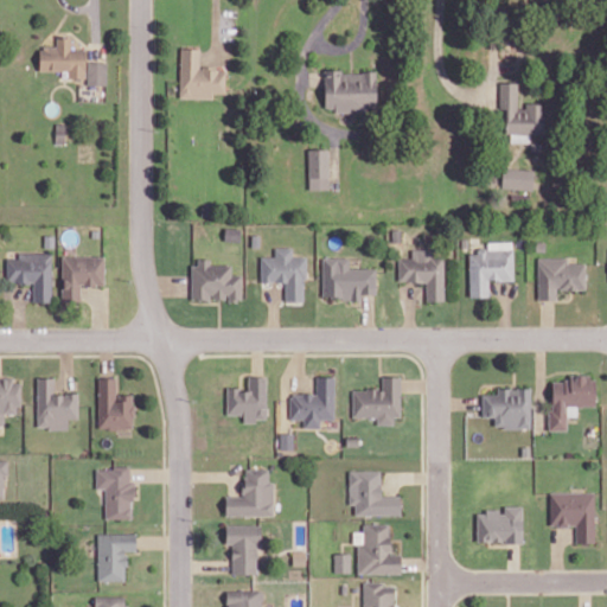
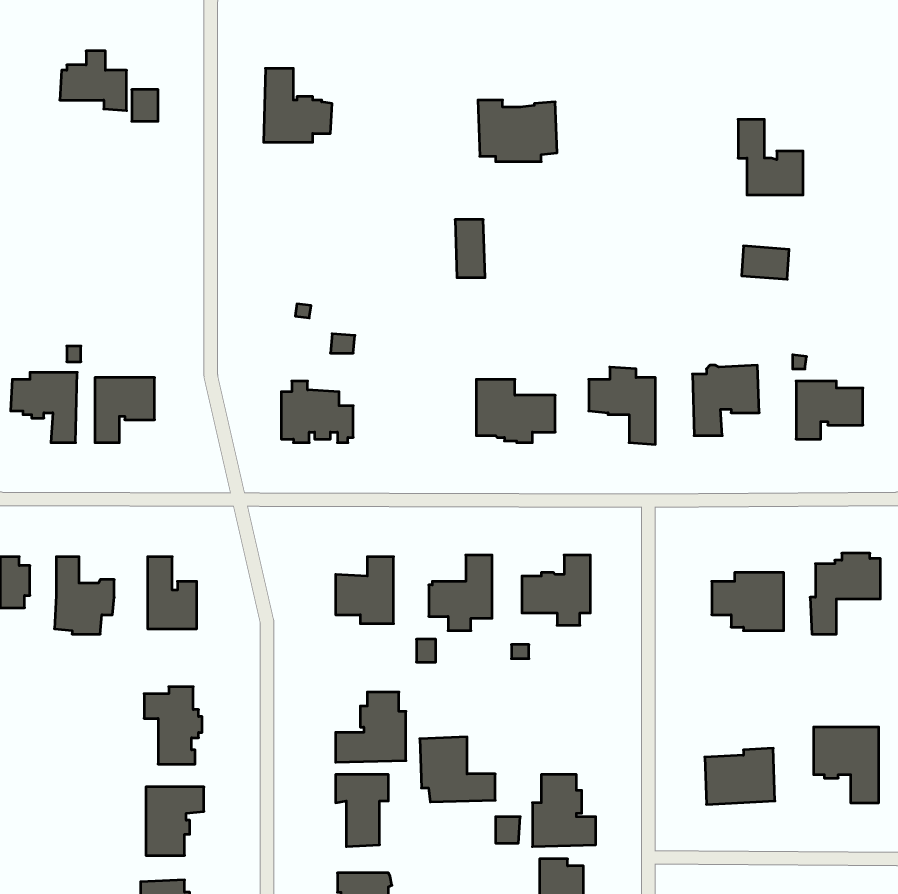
building: [260,248,304,301] -> none
building: [350,471,401,515] -> [420,737,495,802]

